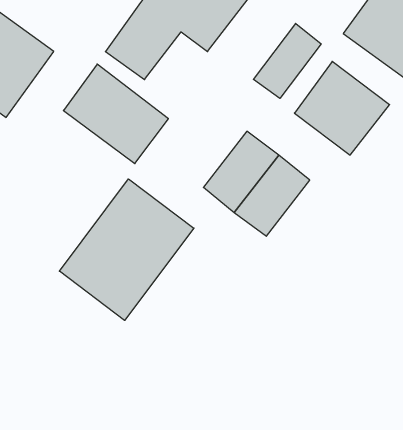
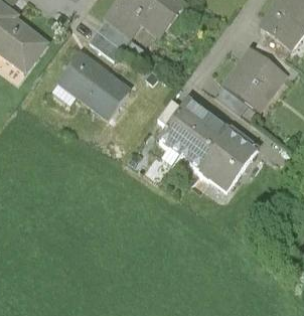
building: [253,23,321,98] -> none
building: [59,179,194,320] -> none
building: none -> [201,132,256,189]

